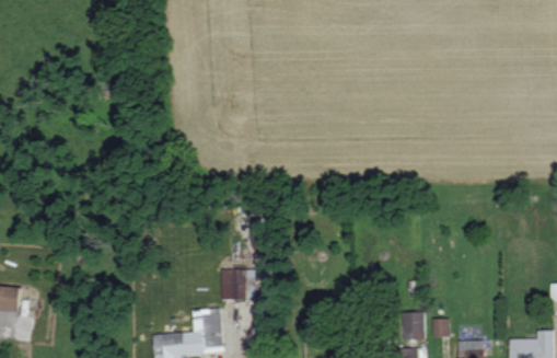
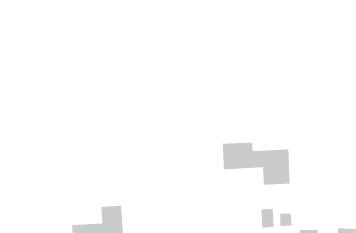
building: none -> [222,142,291,185]
building: [220,269,254,300] -> none

